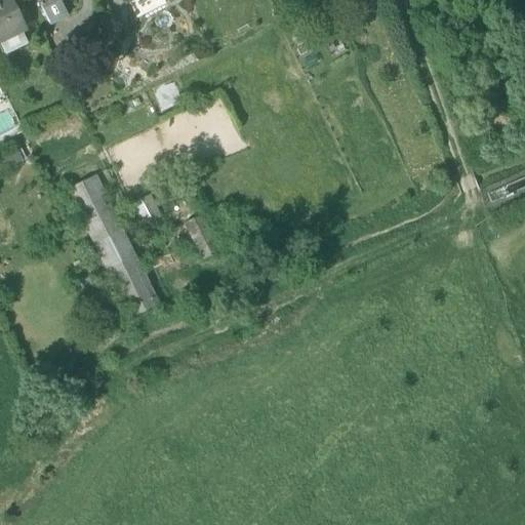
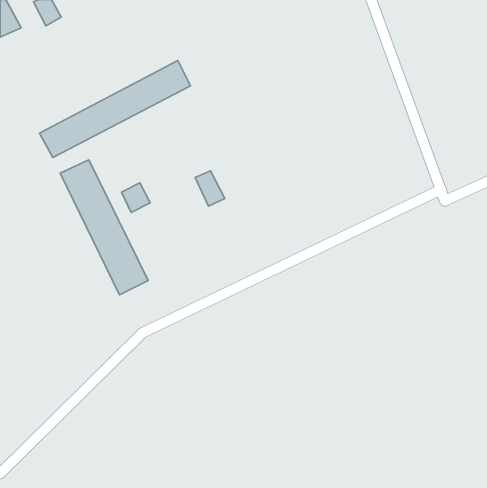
building: none -> [39,61,191,158]
building: [185,215,216,253] -> [195,171,225,206]

